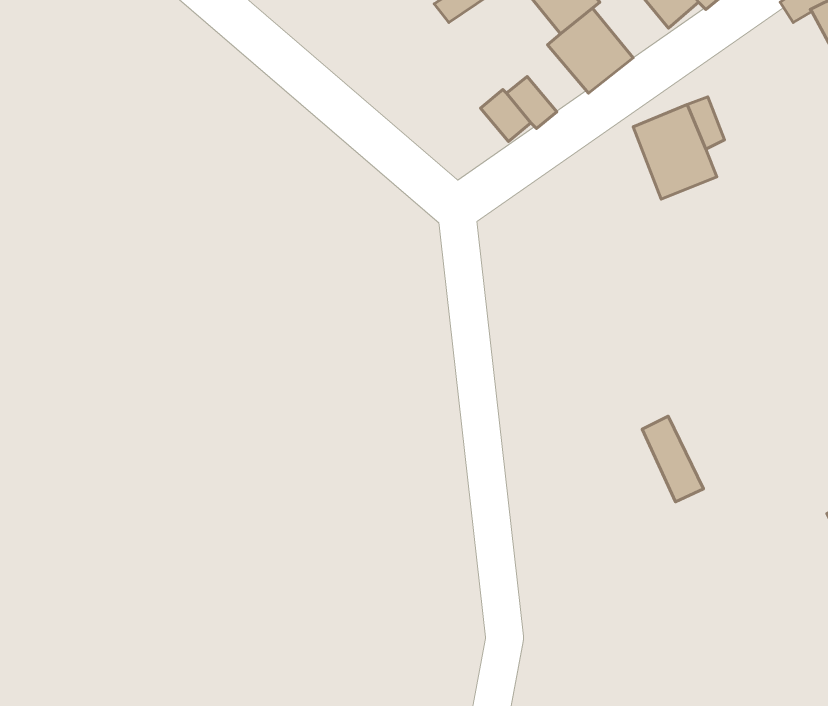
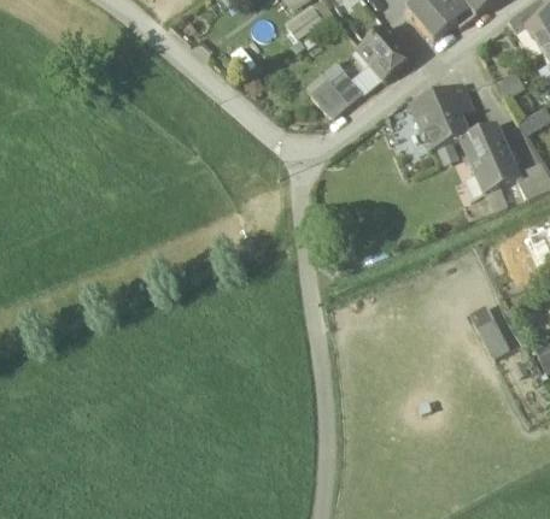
building: none -> [462,122,519,190]
building: [642,416,704,502] -> [470,302,510,358]

